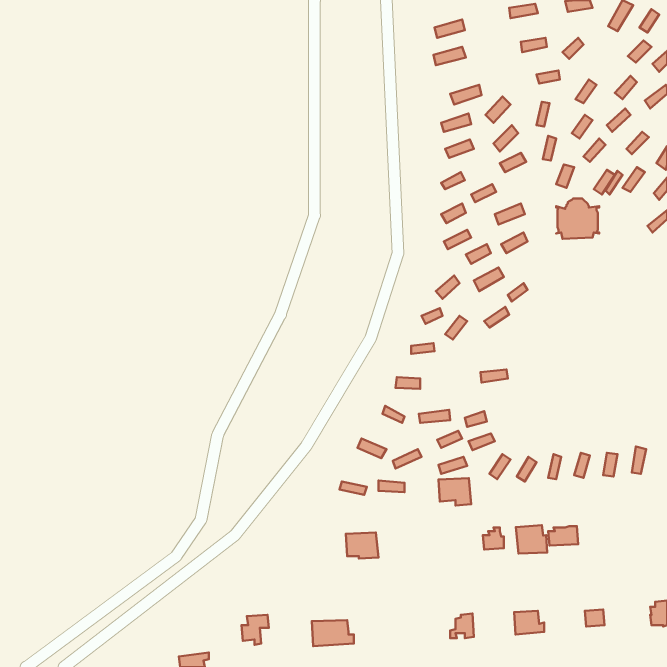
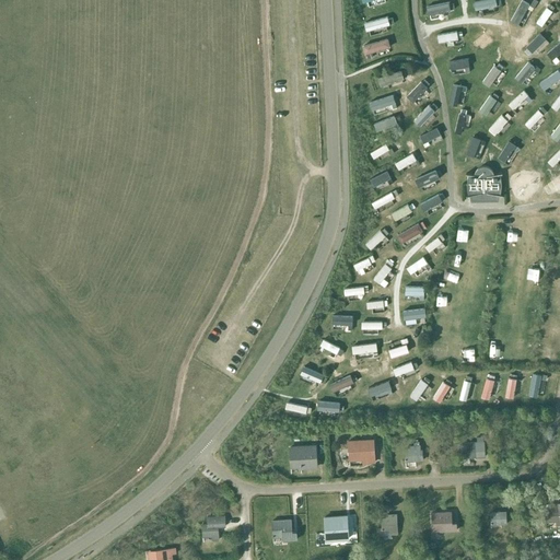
building: [439,478,471,506] -> [348,440,375,463]
building: [516,525,547,553] -> none
building: none -> [325,515,348,539]

